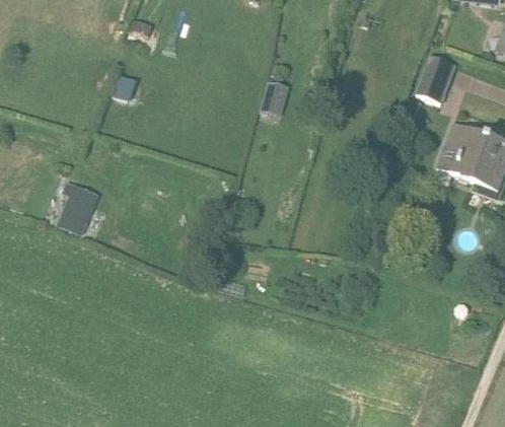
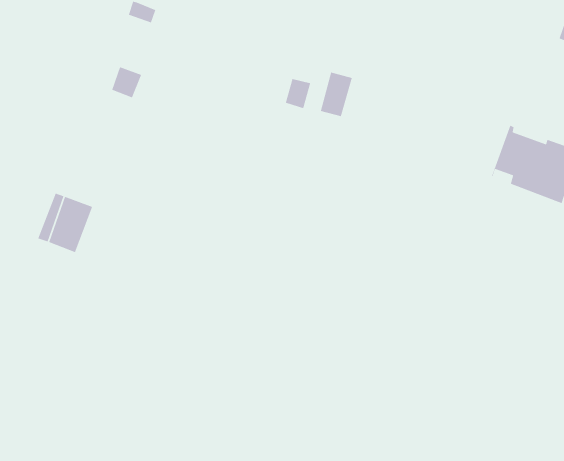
building: [416,55,457,103] -> none
building: none -> [320,72,353,117]

